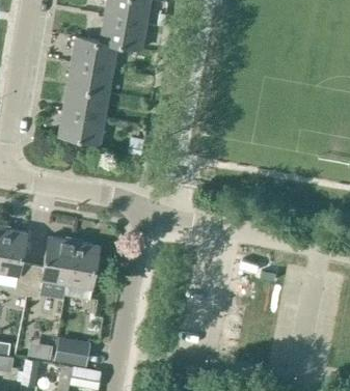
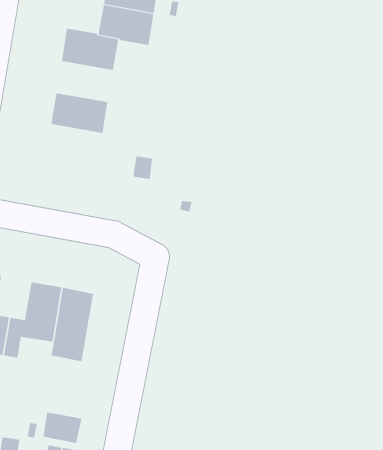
building: [66,63,112,95] -> none
building: [58,113,104,145] -> none

